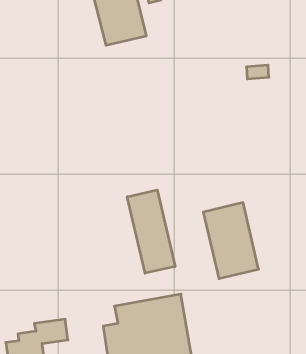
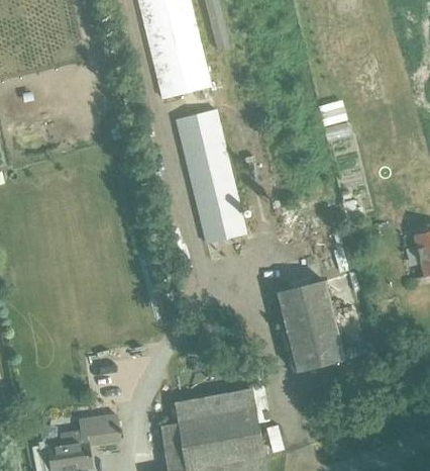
building: none -> [177,109,247,243]
building: [127,190,175,273] -> none

